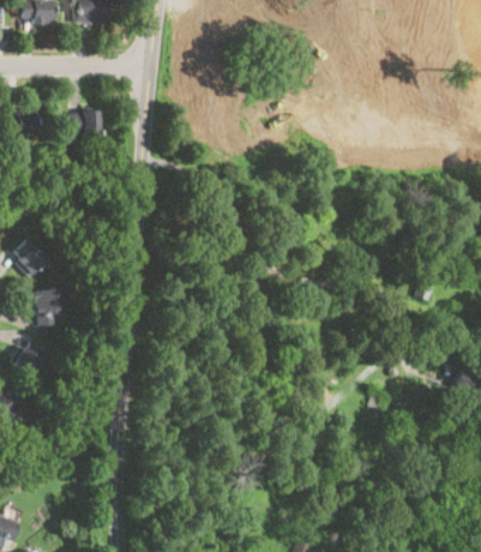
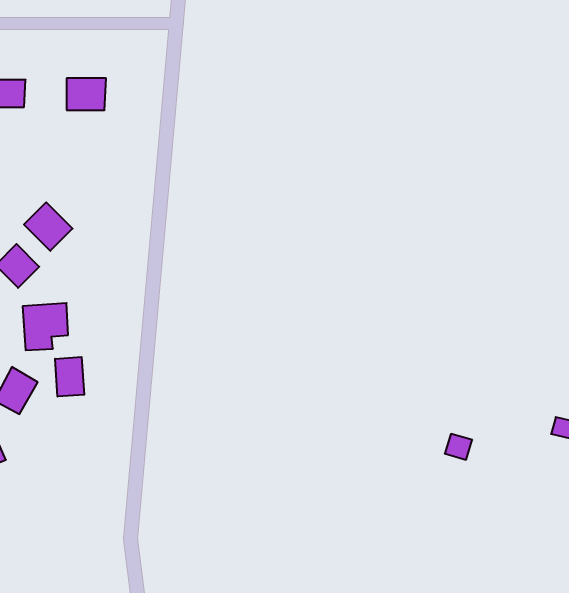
building: none -> [24,202,73,251]
building: none -> [55,357,84,397]

